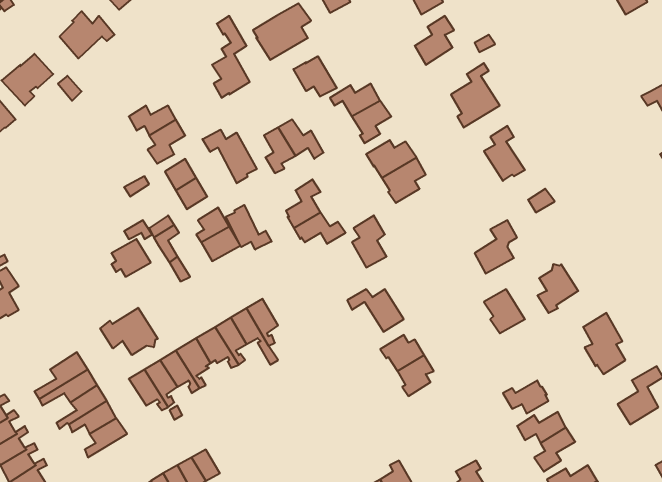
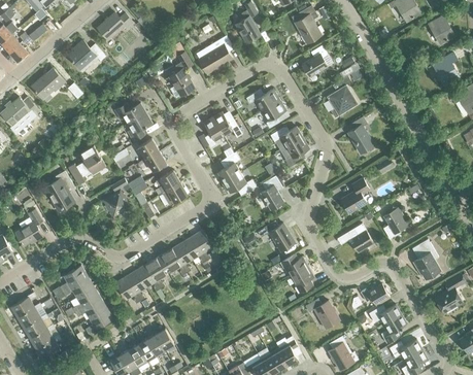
building: none -> [433,53,459,84]
building: [293,56,337,97] -> none
building: [202,130,257,183] -> none
building: none -> [67,145,105,184]
building: [226,205,272,250] -> none
building: none -> [43,170,72,209]
building: [100,308,158,355] -> none
building: none -> [305,298,339,329]

